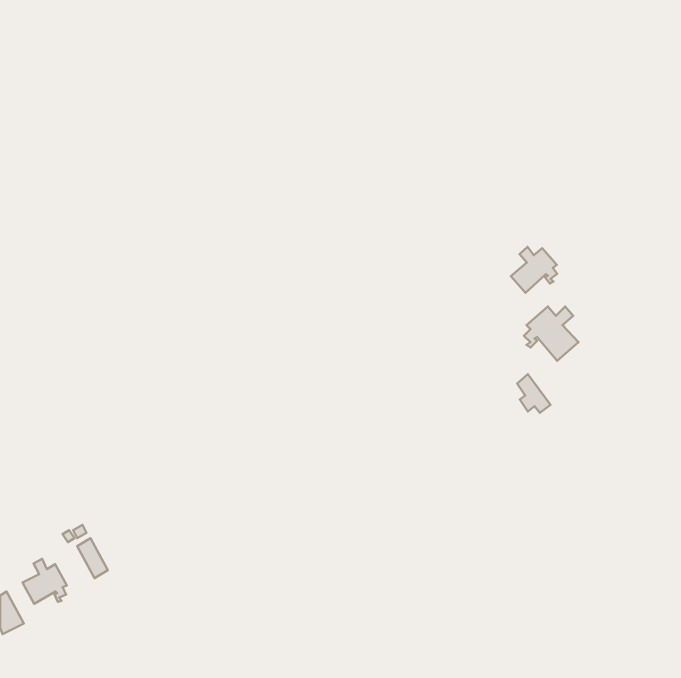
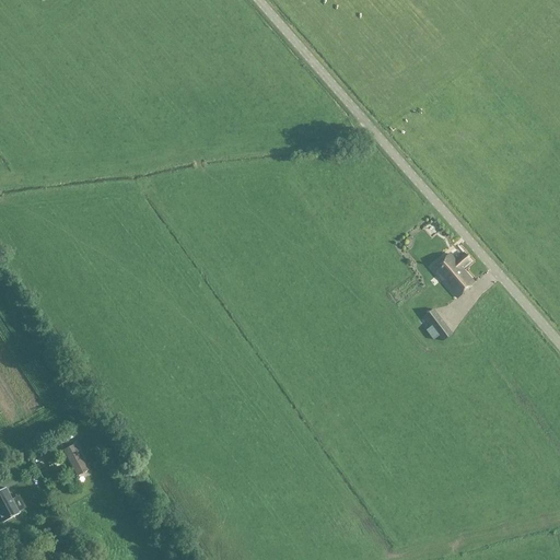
building: [511,247,557,293] -> none
building: [23,559,67,604] -> none

